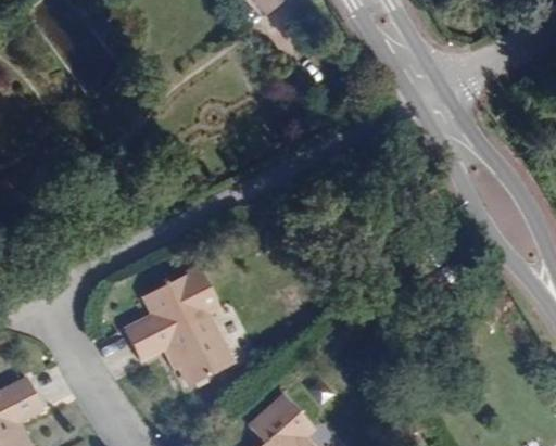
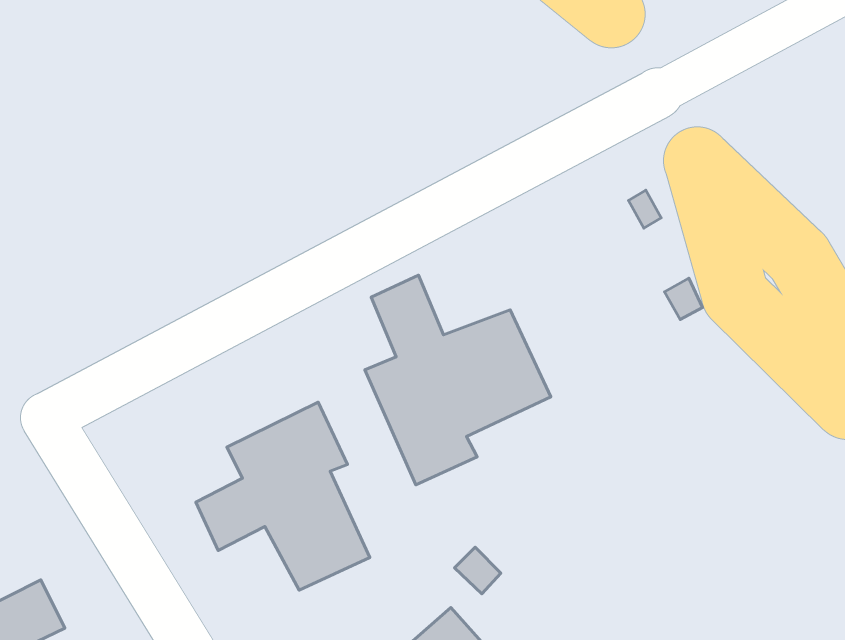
building: none -> [365,275,551,485]

